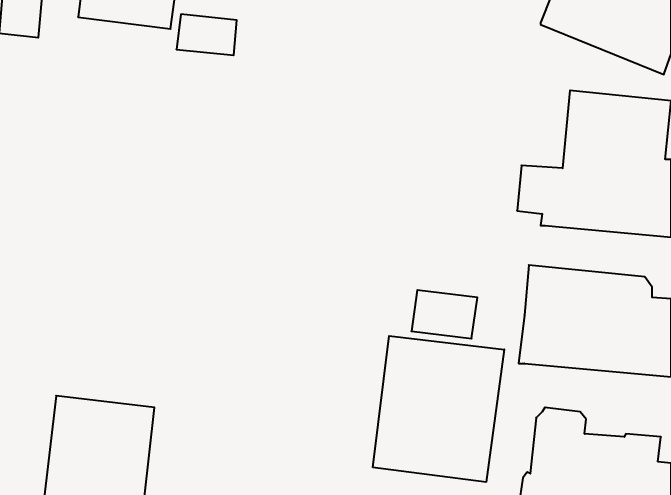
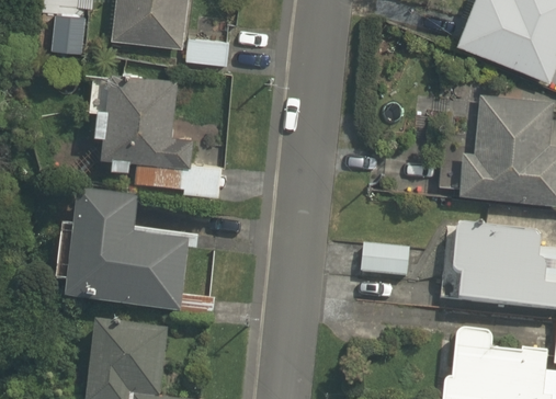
building: none -> [89,71,223,196]
building: none -> [66,191,215,321]
building: [373,336,504,482] -> none

